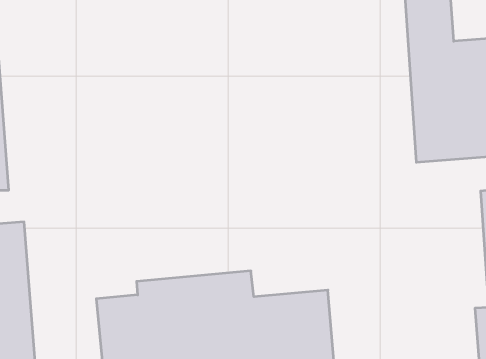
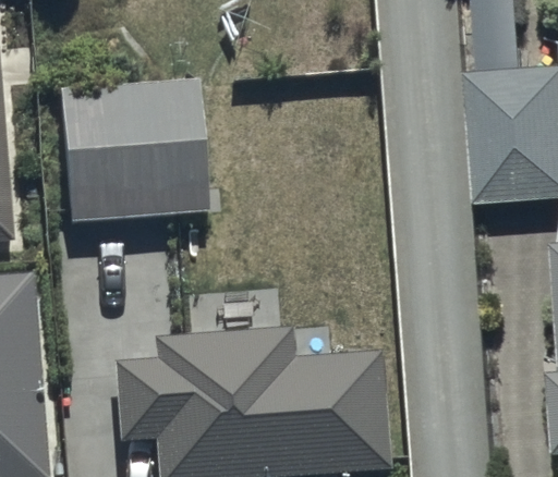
building: none -> [65,74,211,220]

